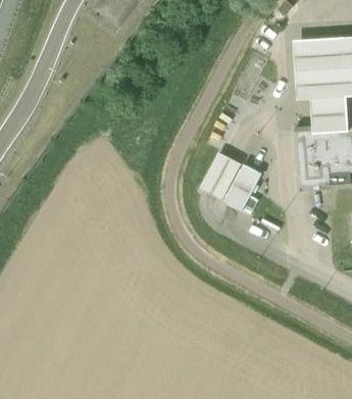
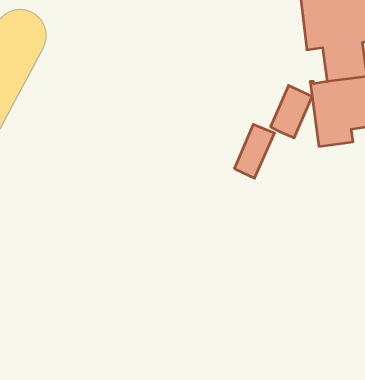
building: [202,152,241,199] -> [271,85,312,138]

